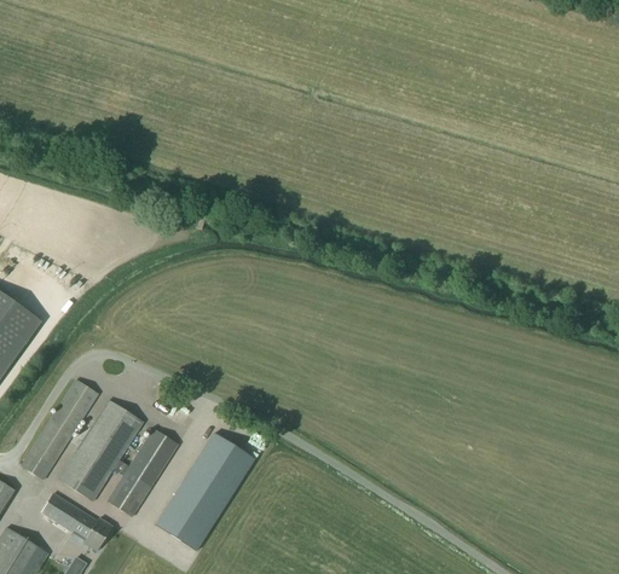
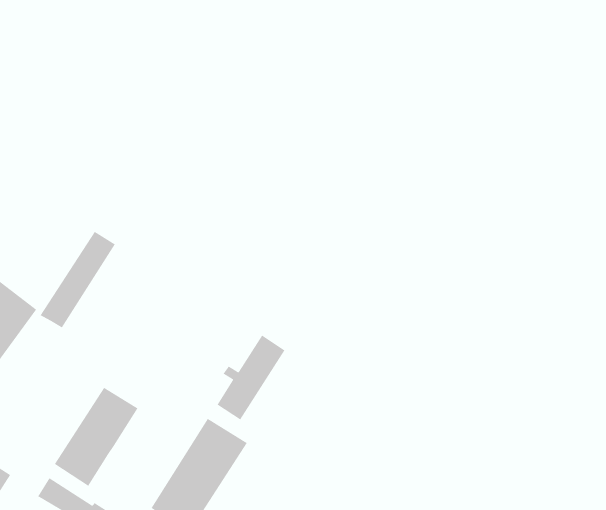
building: [19,381,97,480] -> [40,231,116,329]
building: [106,430,177,517] -> [217,335,286,420]

